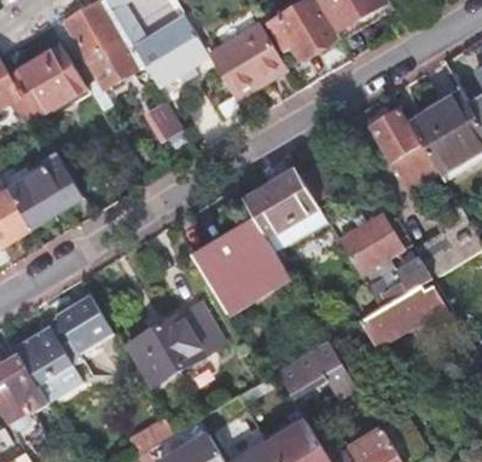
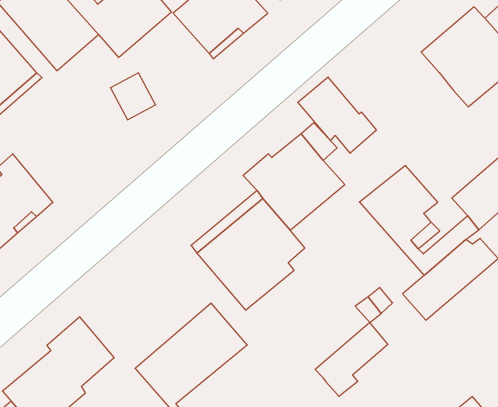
building: [370,109,431,175] -> [298,77,376,153]

